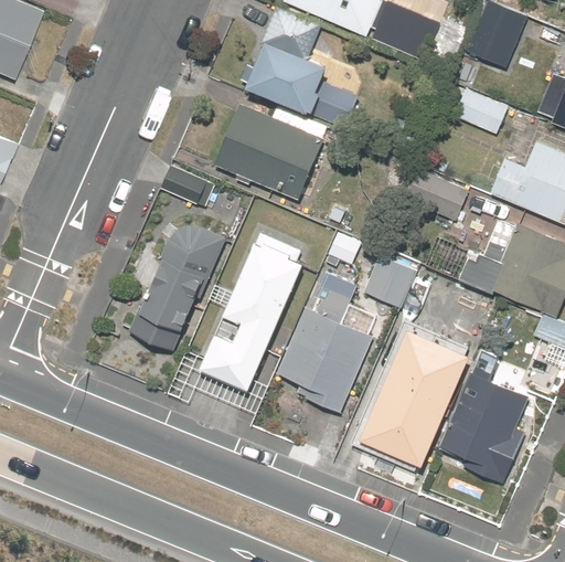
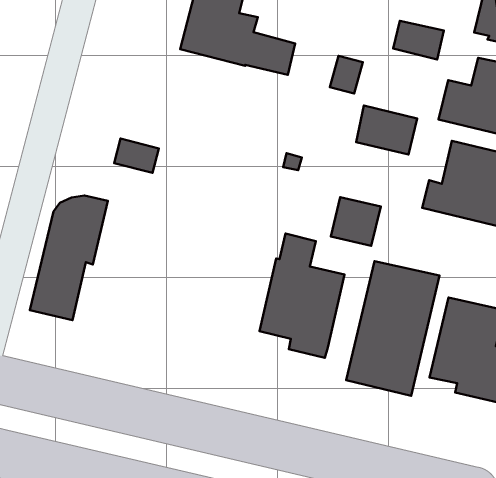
building: [213,103,327,201] -> none
building: [131,229,225,350] -> [30,196,108,320]
building: [200,232,305,392] -> none

